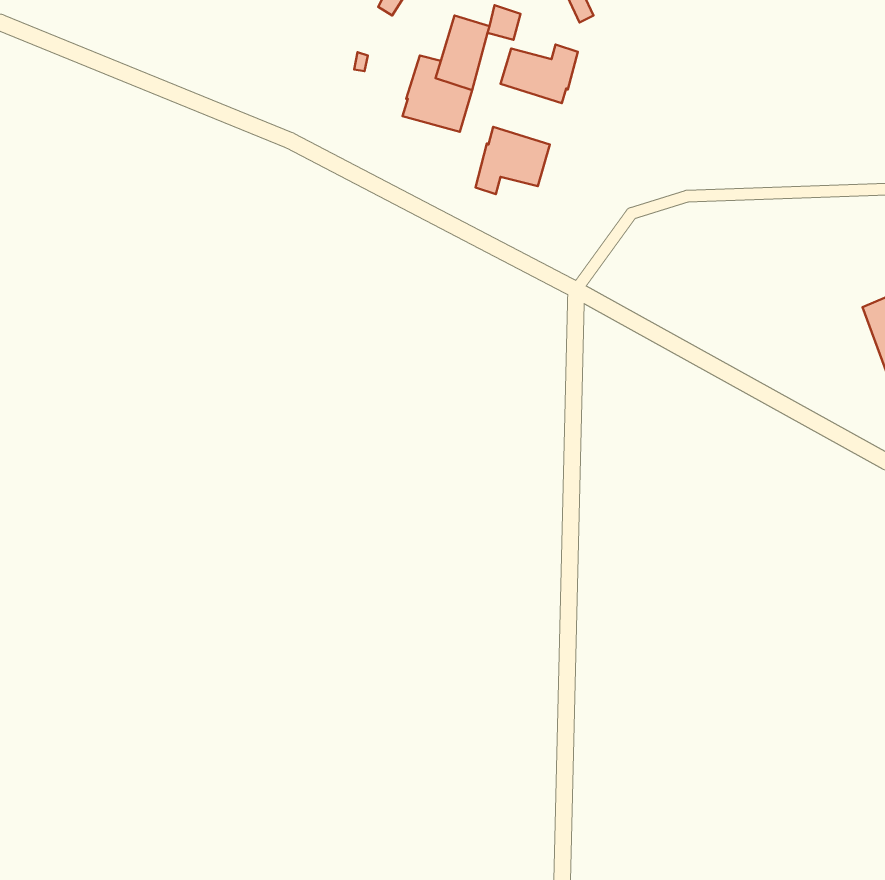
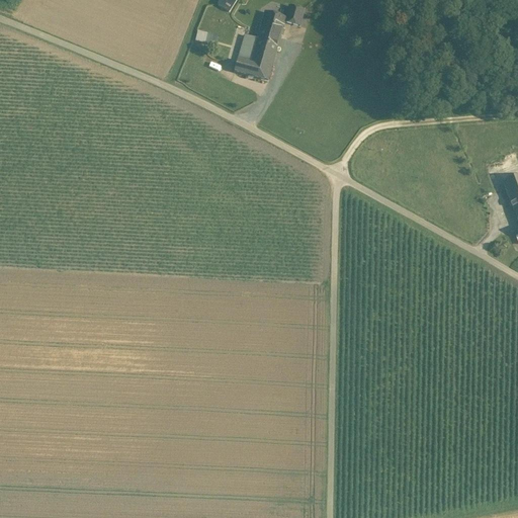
building: [500,44,578,103] -> none
building: [475,127,550,194] -> none

